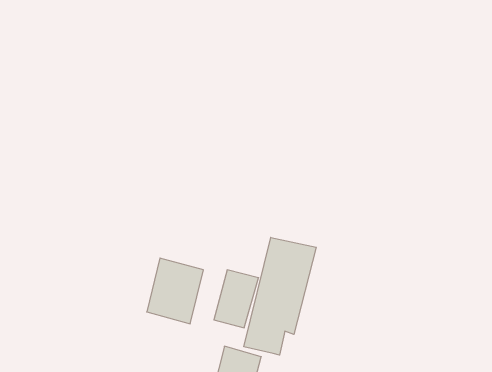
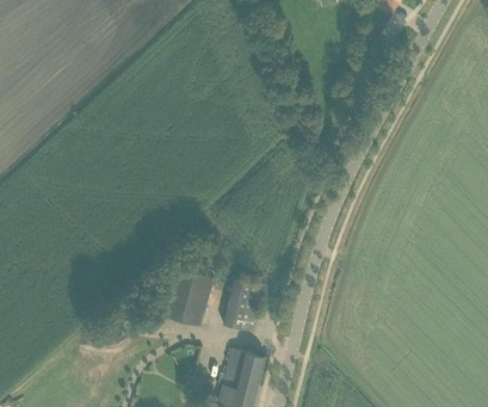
building: [244,237,316,355] -> none

